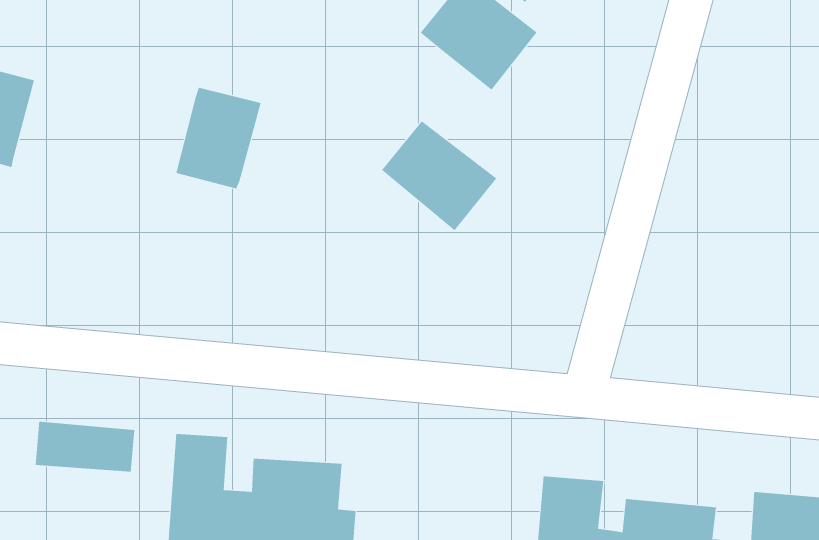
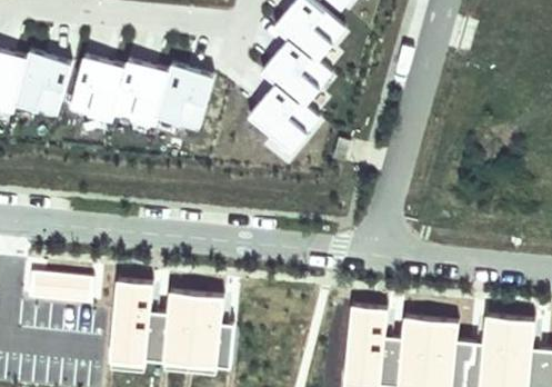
building: none -> [258,34,331,106]
building: none -> [14,49,73,116]
building: none -> [67,53,129,125]
building: none -> [158,63,215,130]

